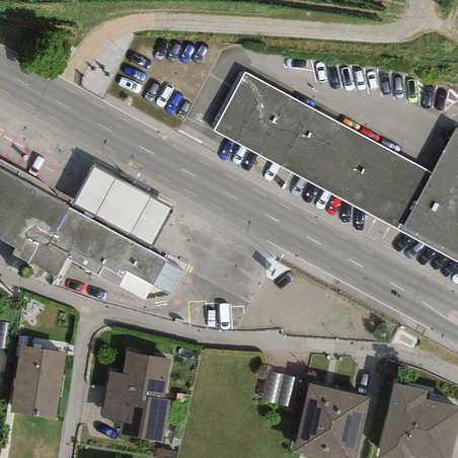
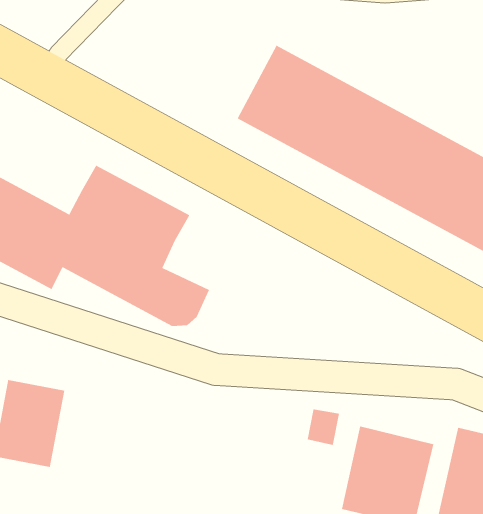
building: [100,351,167,438] -> none

